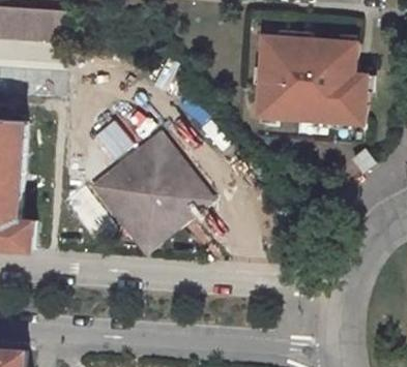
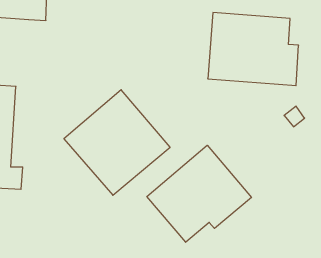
building: none -> [147,145,251,242]

